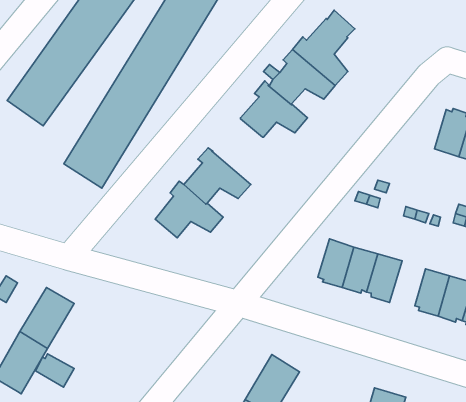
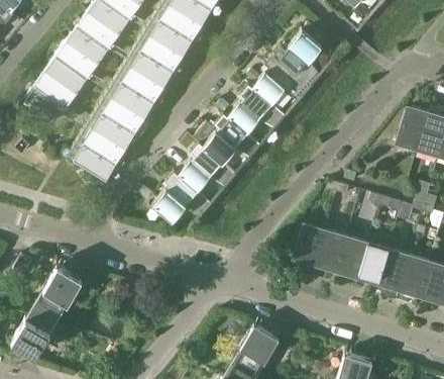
building: none -> [193,114,261,164]
building: none -> [357,243,388,283]
building: [35,354,74,387] -> none

